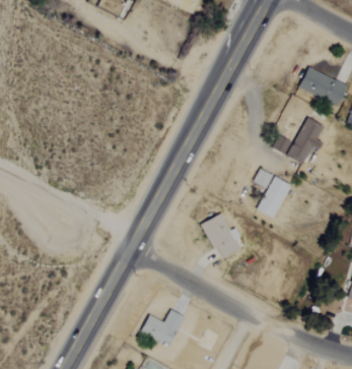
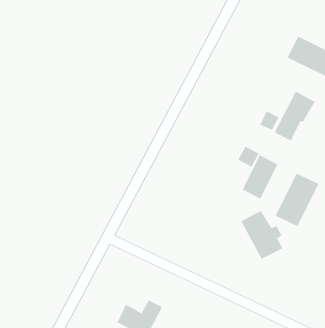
building: none -> [275,173,319,227]
building: [202,212,241,258] -> [240,210,283,259]

